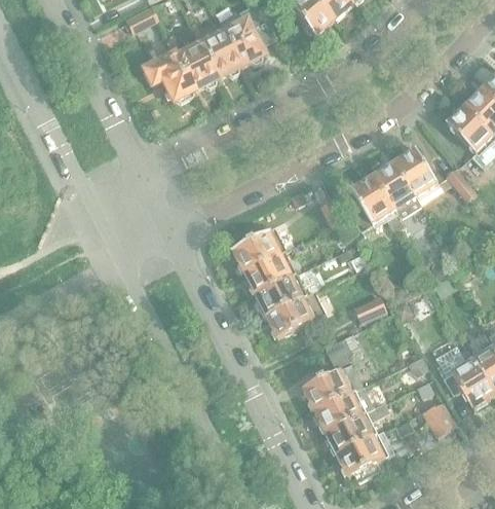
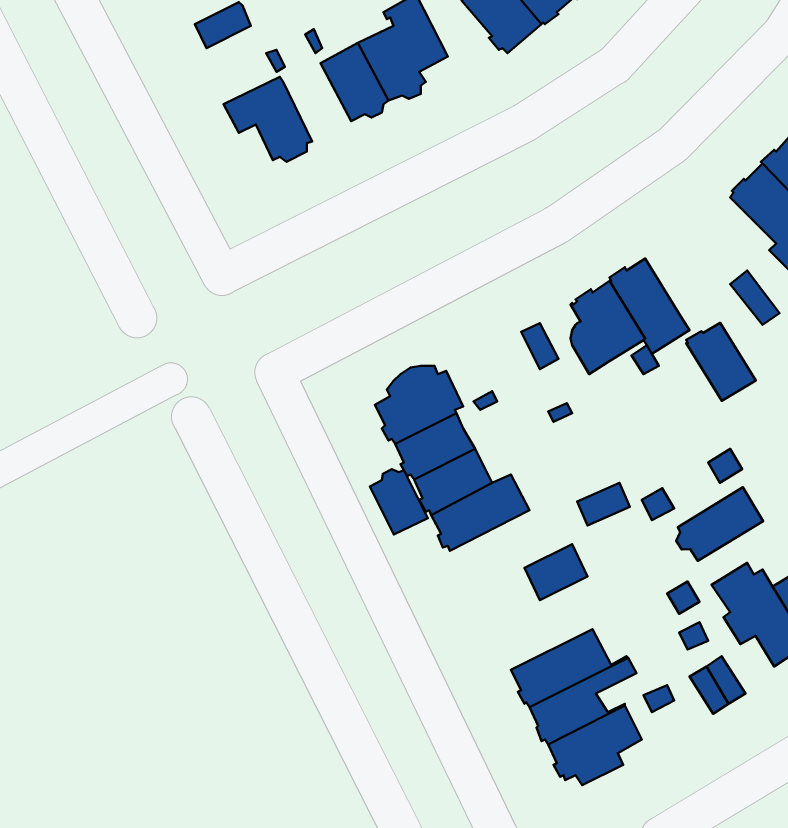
building: [177,42,218,89] -> none
building: [395,148,437,195] -> [686,323,756,401]
building: none -> [370,469,428,535]
building: none -> [676,487,763,561]
building: [303,363,364,409] -> none

